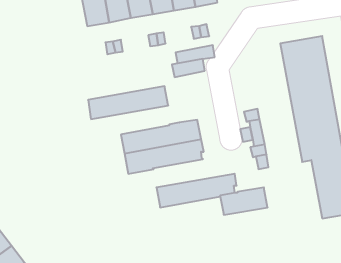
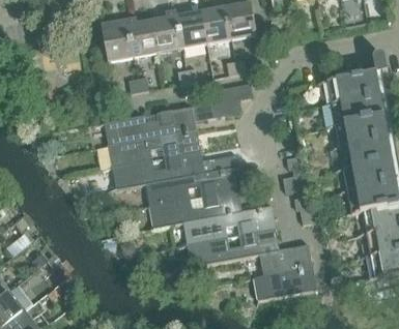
building: none -> [105,104,196,143]
building: none -> [112,149,238,187]
building: none -> [182,204,276,242]
building: none -> [253,265,317,297]

